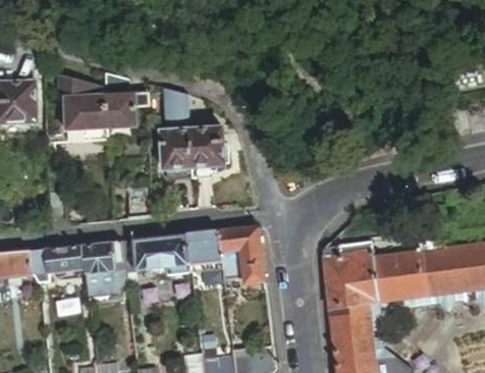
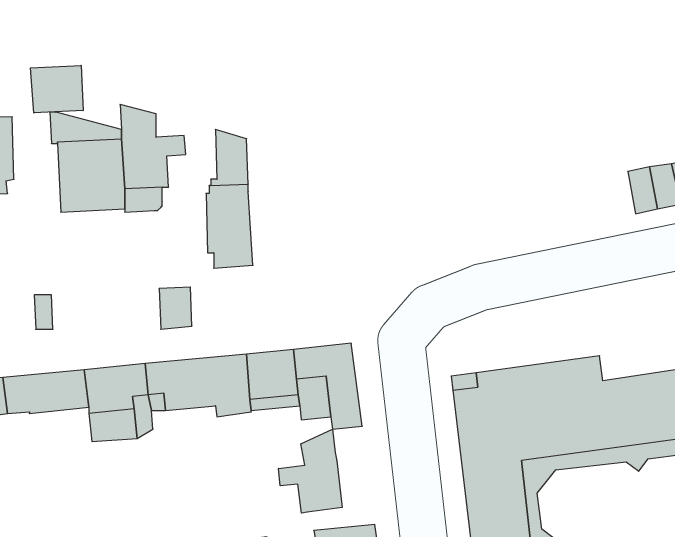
building: none -> [30,65,83,113]
building: [188,126,228,176] -> none
building: none -> [279,429,342,513]

